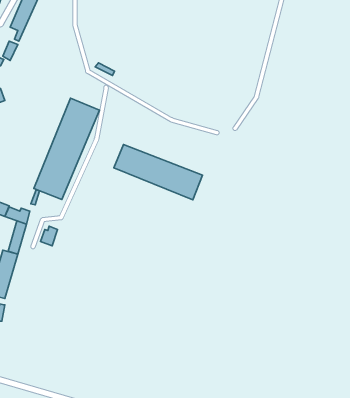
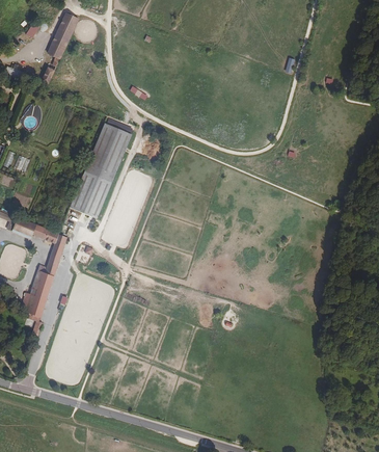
building: [114,144,203,200] -> none

